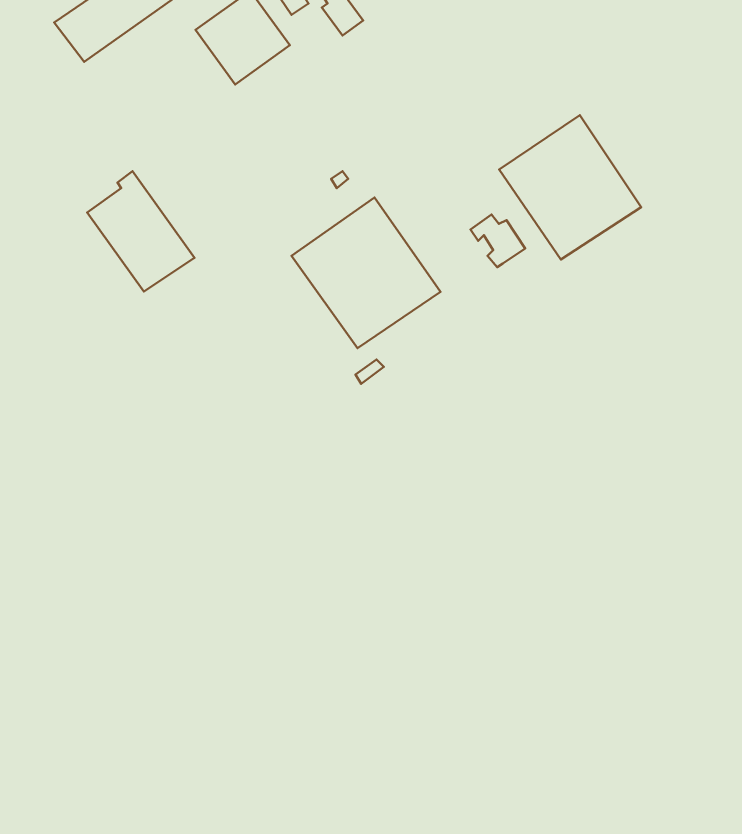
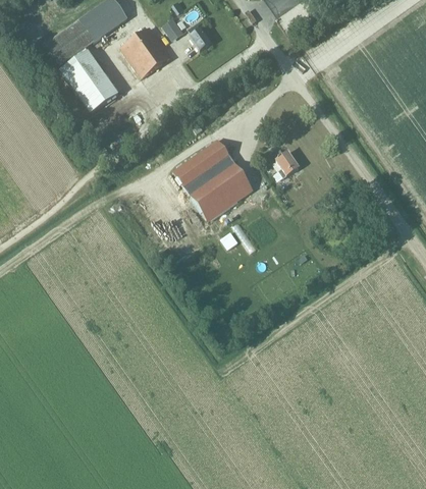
building: [499,115,641,260] -> none
building: [87,171,195,292] -> [60,47,118,112]

